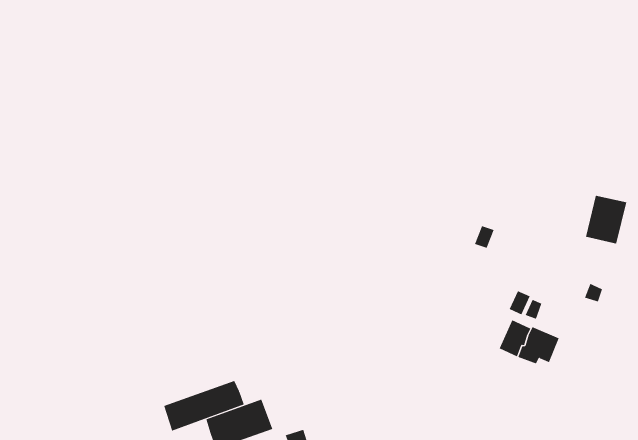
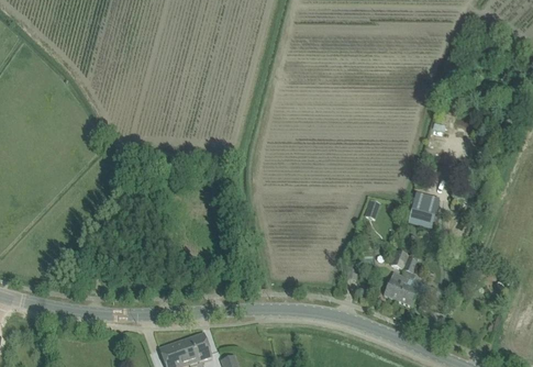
building: [585,195,627,244] -> [407,190,438,227]
building: [163,380,244,431] -> none

